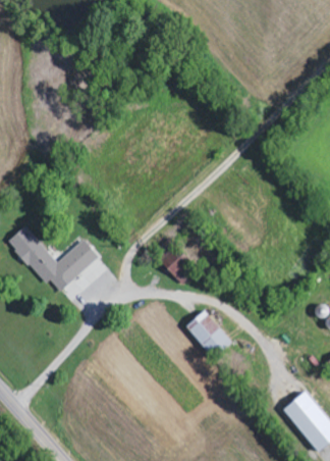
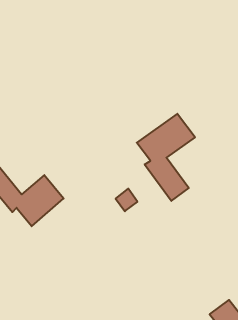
building: none -> [137,114,195,201]
building: [185,309,231,355] -> none

